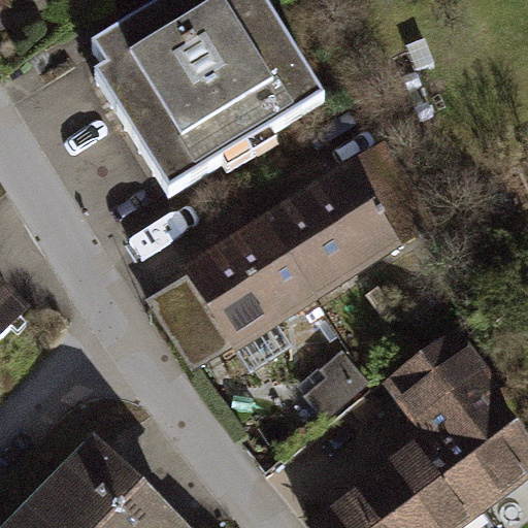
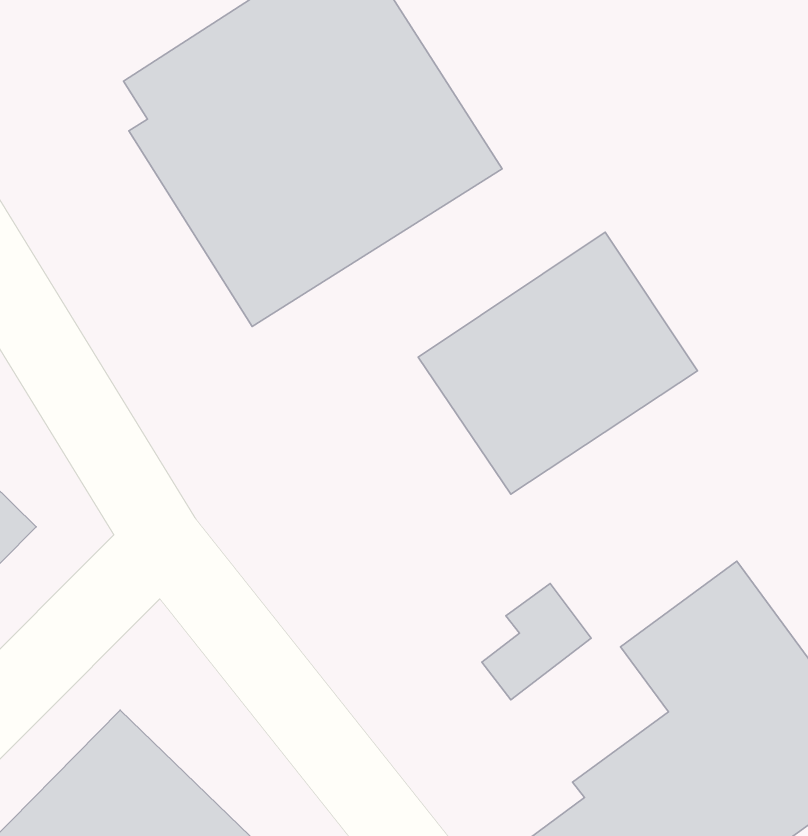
building: [148,217,324,372] -> none

